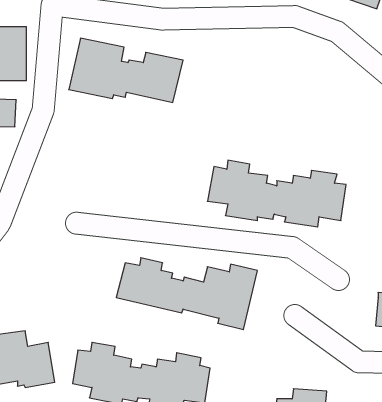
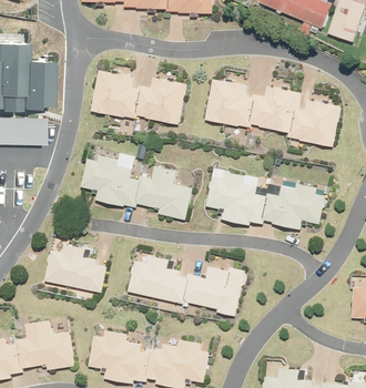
building: none -> [203,79,339,146]
building: none -> [80,155,191,218]
building: none -> [47,245,105,290]

